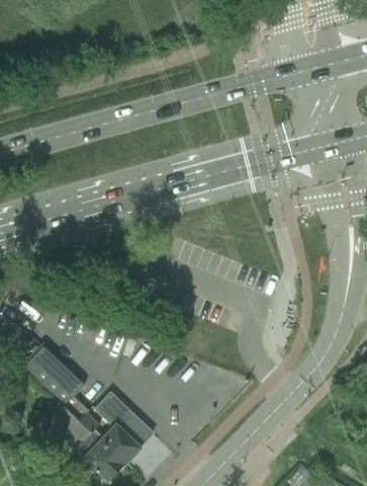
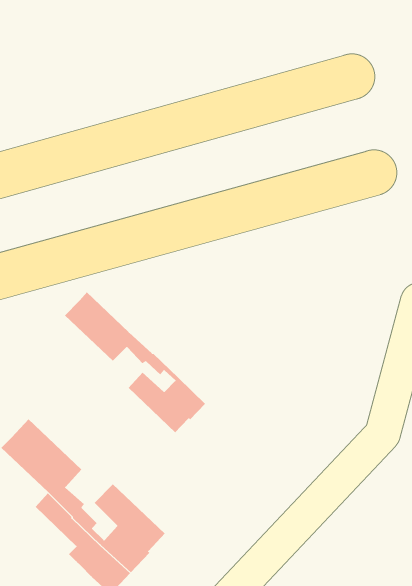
building: none -> [64,292,206,433]

